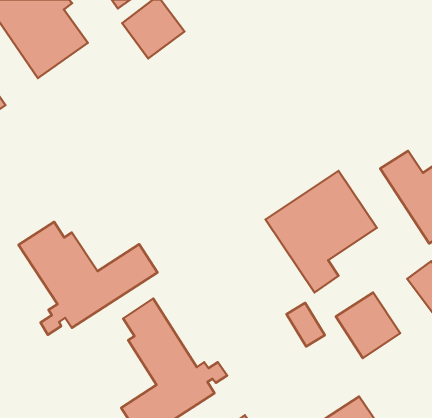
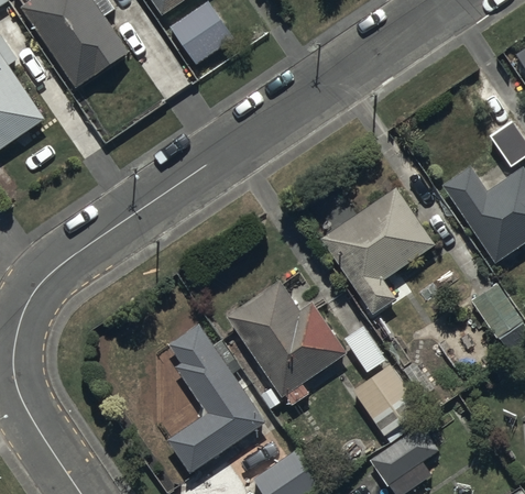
building: [18,222,158,335] -> none
building: none -> [226,279,347,406]
building: [336,293,400,358] -> [352,366,420,436]

